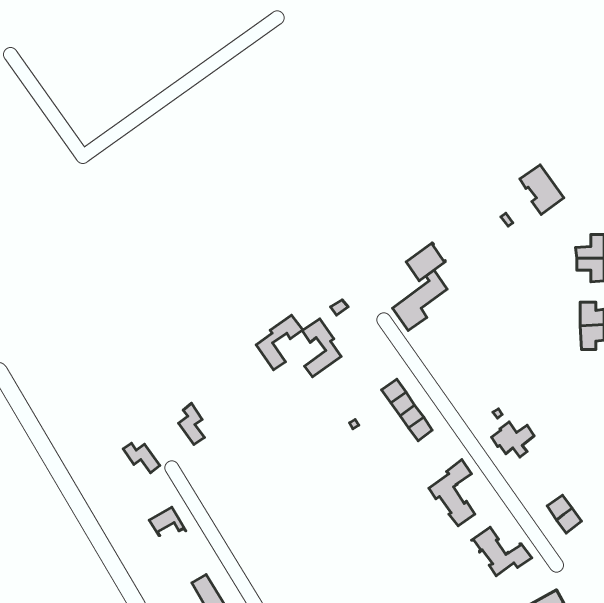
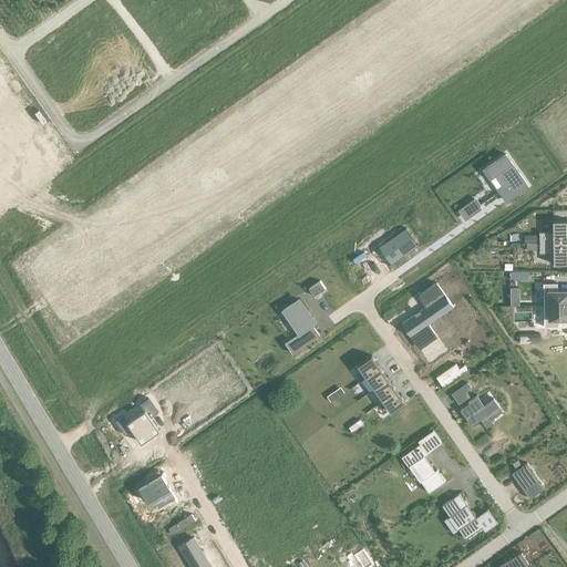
building: [393,270,447,331] -> [401,290,452,347]
building: [256,315,303,370] -> none
building: [178,403,204,445] -> [135,399,159,437]

